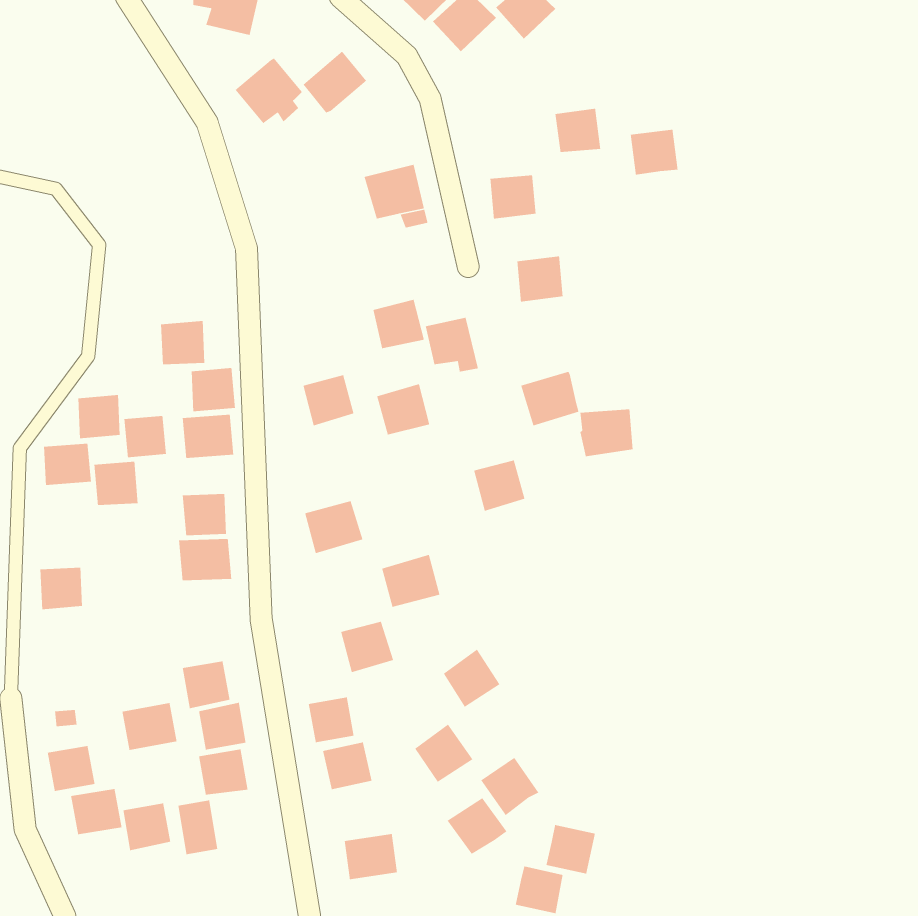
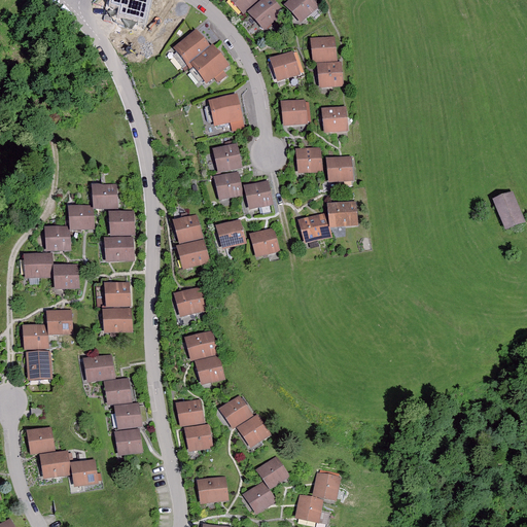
building: [234,58,303,124] -> [189,45,229,83]
building: none -> [310,36,337,61]
building: none -> [270,50,300,81]
building: [630,129,678,175] -> [321,106,349,133]
building: none -> [212,143,242,173]
building: none -> [325,156,352,182]
building: none -> [492,194,520,229]
building: [580,409,634,457] -> [326,201,357,229]
building: [123,415,167,458] -> [69,205,94,230]
building: none -> [176,239,210,270]
building: [473,459,525,512] -> [249,227,279,257]
building: none -> [46,309,73,336]
building: [381,554,440,608] -> [184,329,218,360]
building: none -> [26,350,51,380]
building: [443,648,501,708] -> [219,394,252,428]
building: [122,702,177,751] -> [83,354,115,382]
building: [480,757,540,816] -> [242,481,276,515]
building: [178,800,218,855] -> none

